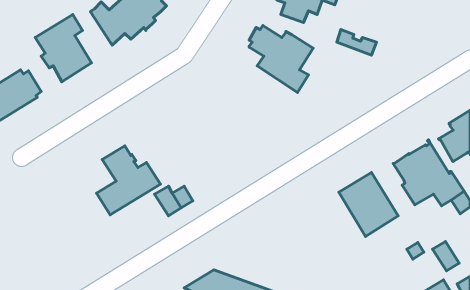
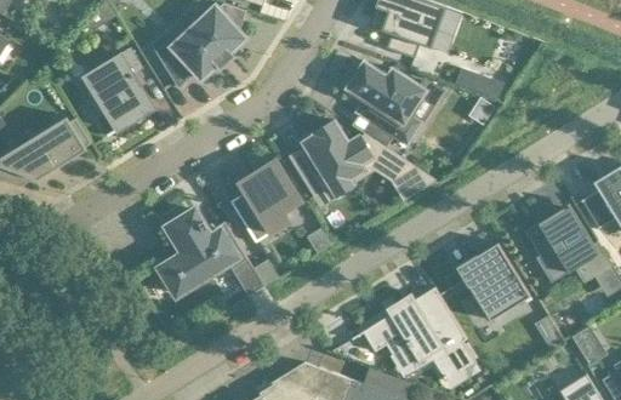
building: none -> [290,120,437,195]
building: none -> [229,160,300,242]
building: none -> [351,287,475,373]

